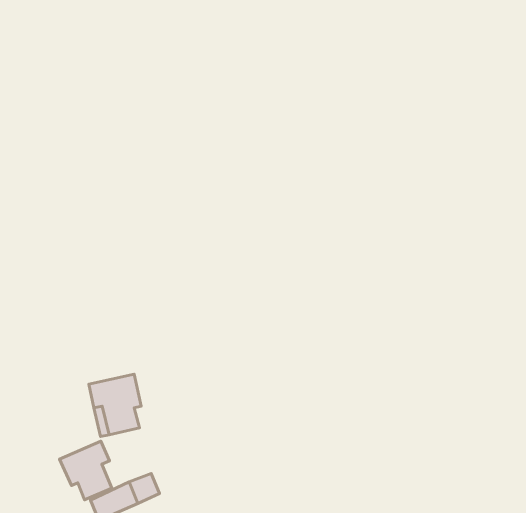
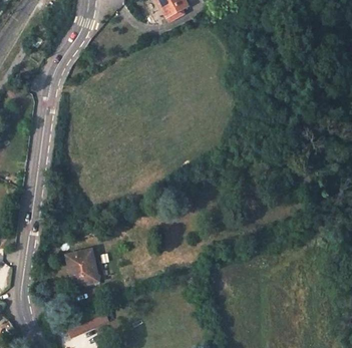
building: [60,441,112,500] -> none

